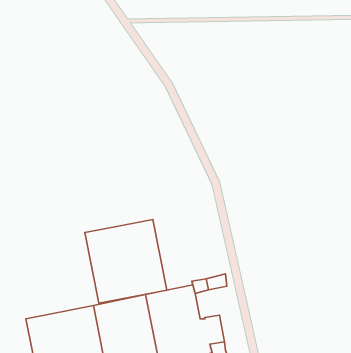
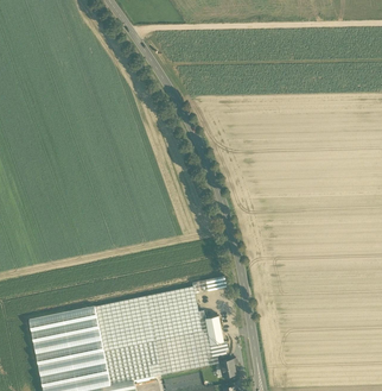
building: [85,220,167,303] -> none

